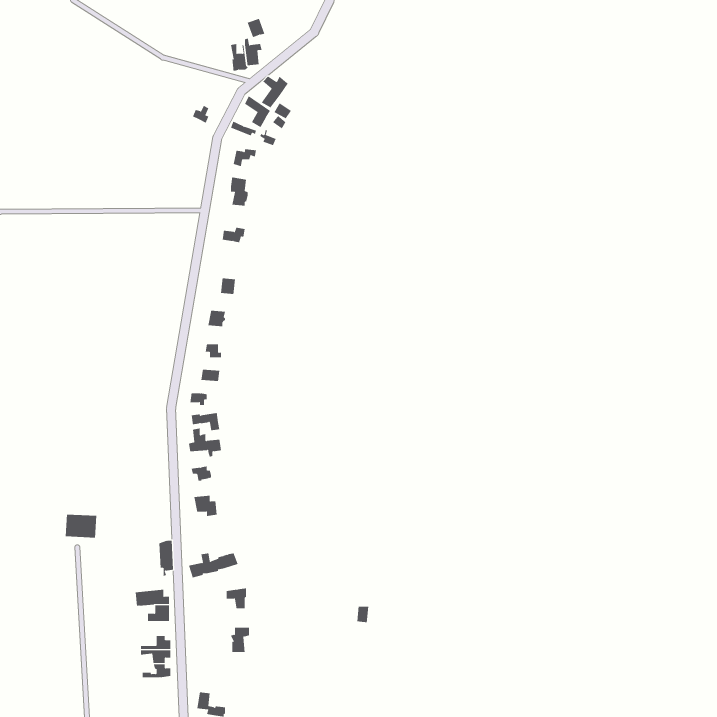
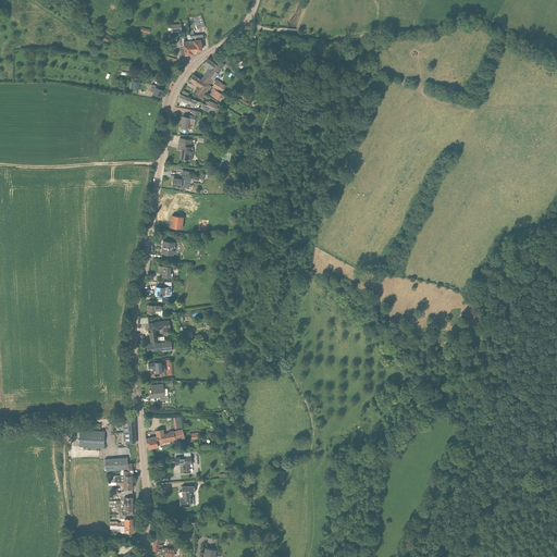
building: [65,514,97,538] -> [79,430,104,448]

